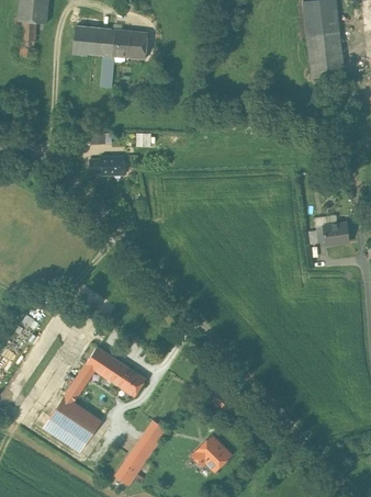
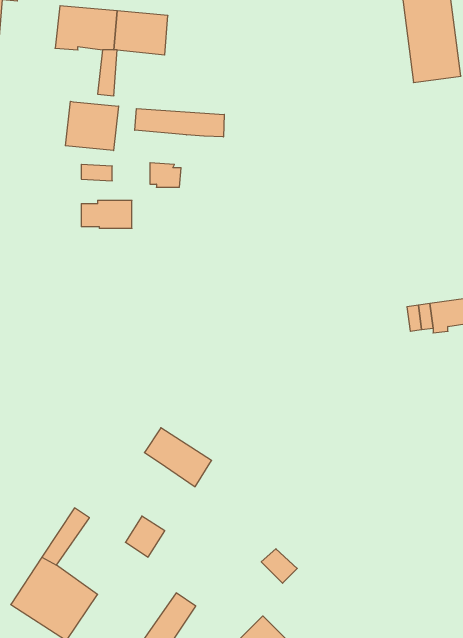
building: none -> [65,101,119,151]
building: none -> [135,109,224,137]
building: [85,347,130,386] -> [144,428,212,487]

